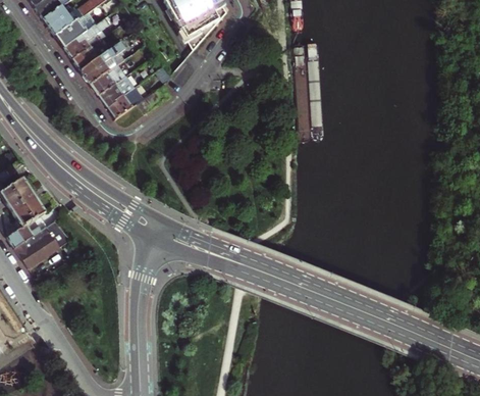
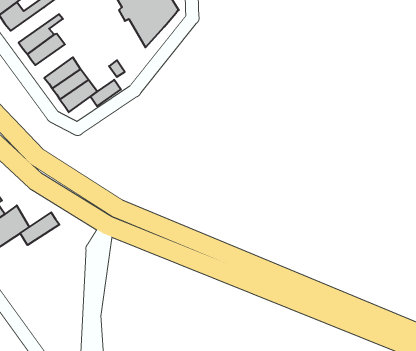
building: [54,9,97,46] -> none
building: [79,38,126,83] -> none
building: none -> [20,212,59,245]

